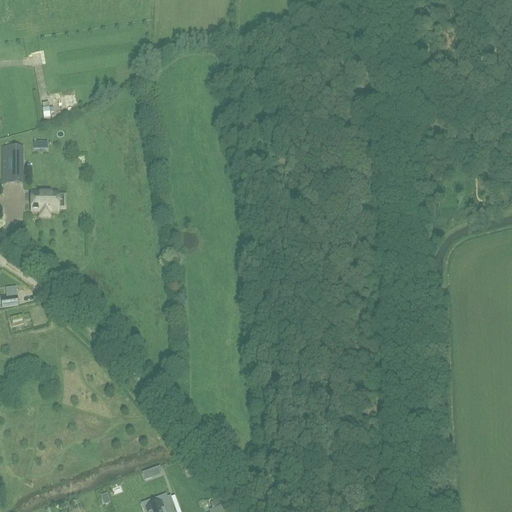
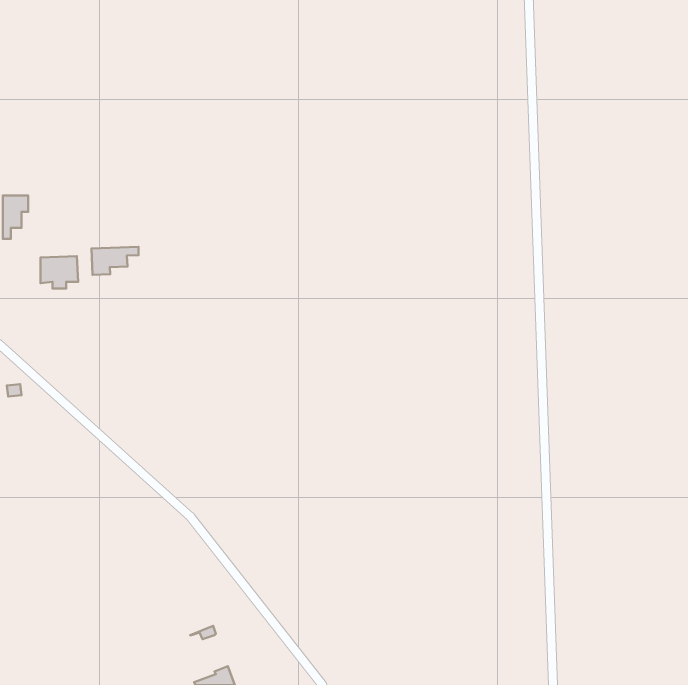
building: none -> [92,247,139,275]

